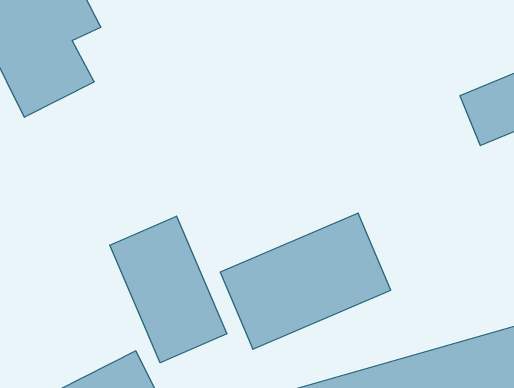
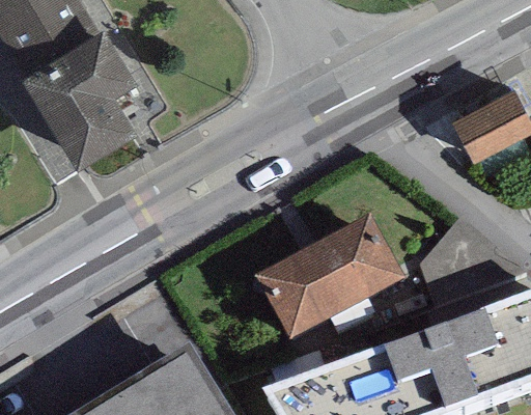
building: [110,216,227,363] -> none

